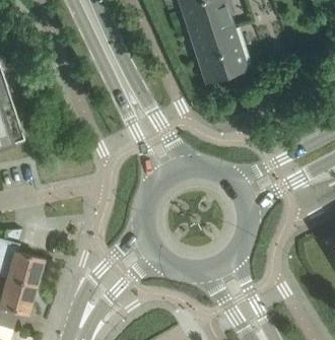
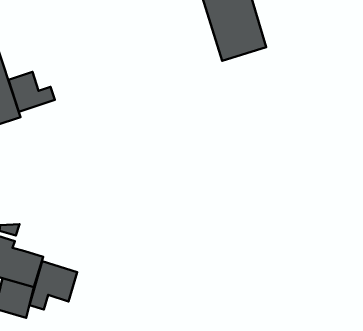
building: none -> [9,72,55,112]
building: none -> [29,261,77,310]

